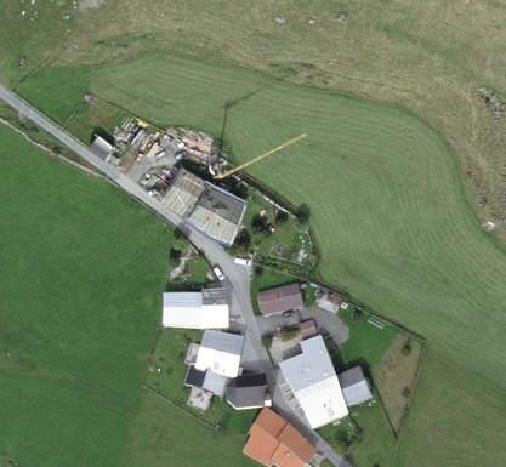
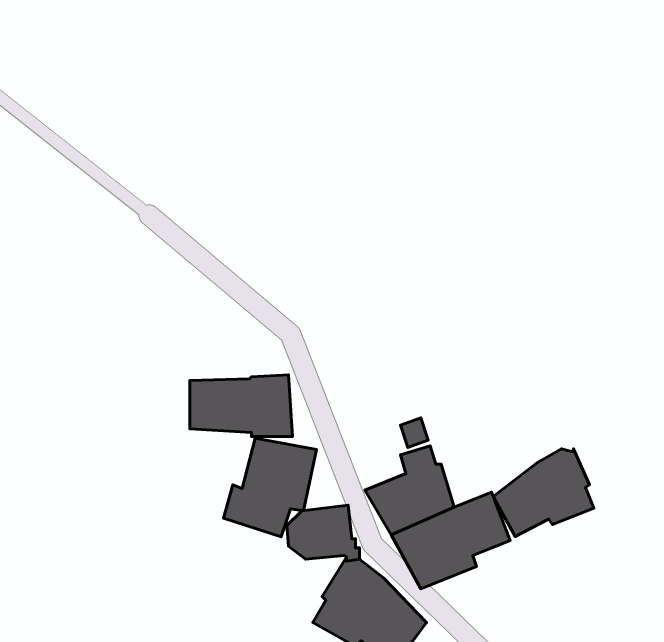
building: [163,167,244,238] -> none
building: [258,281,303,312] -> none
building: none -> [493,449,594,537]

